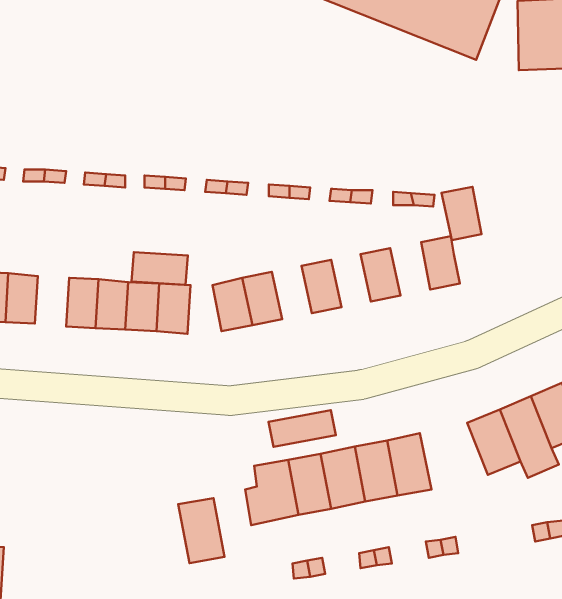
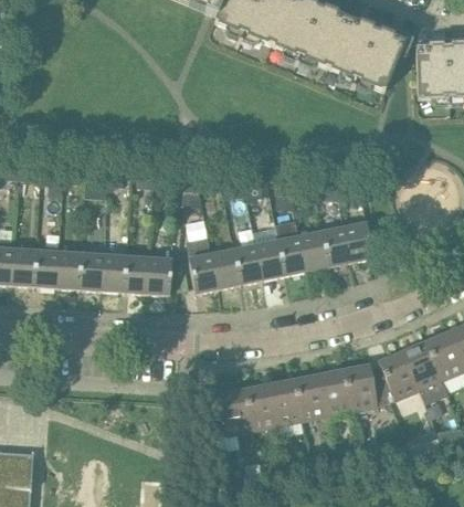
building: [441,187,481,240] -> [321,225,351,265]
building: [132,252,188,285] -> none
building: none -> [277,234,307,274]
building: none -> [233,243,263,283]
building: none -> [56,251,82,288]
building: [268,410,336,447] -> none
building: none -> [344,363,378,410]
building: [178,498,225,563] -> none

